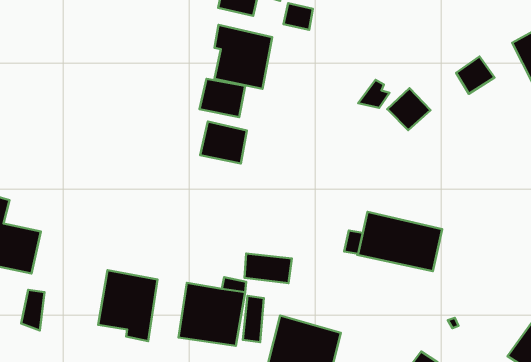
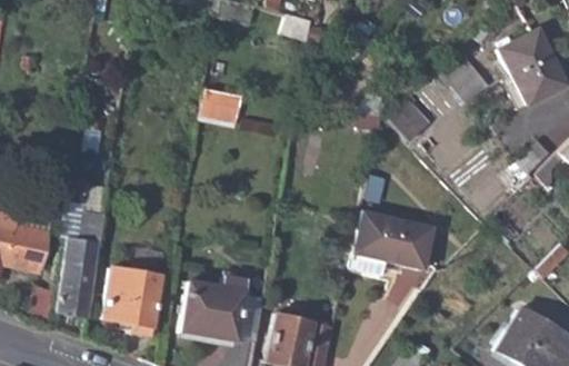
building: [214,25,272,89] -> none
building: [200,121,247,164] -> none
building: none -> [58,211,104,317]
building: [244,254,292,283] -> none

